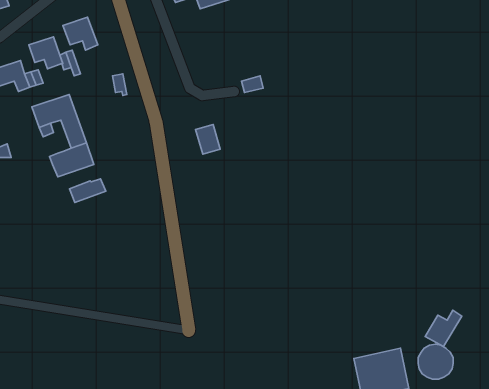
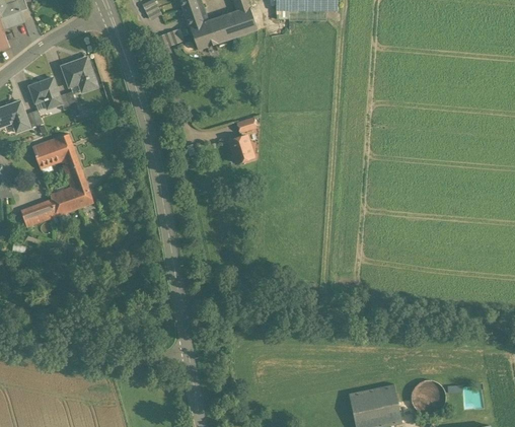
building: [196,124,220,154] -> [232,136,256,165]
building: [70,179,106,202] -> [21,203,57,226]
building: [425,310,462,347] -> none

